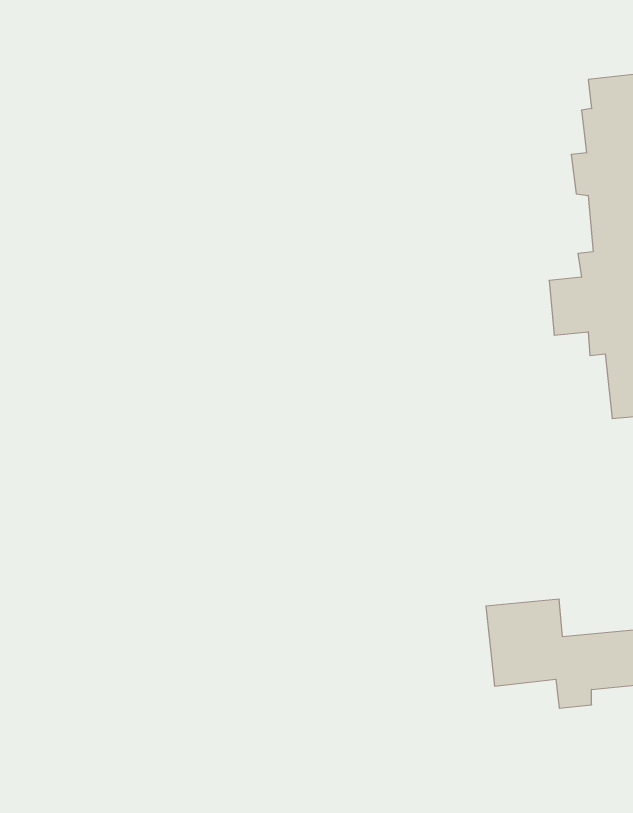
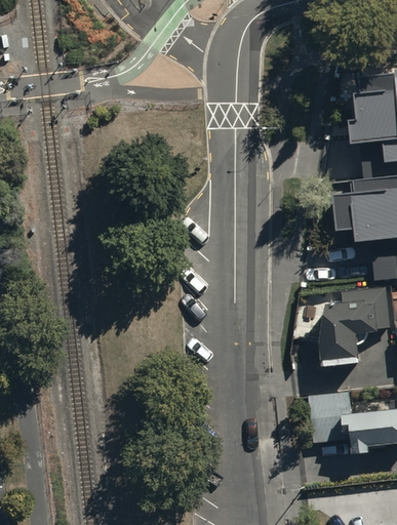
building: none -> [312,286,388,369]

